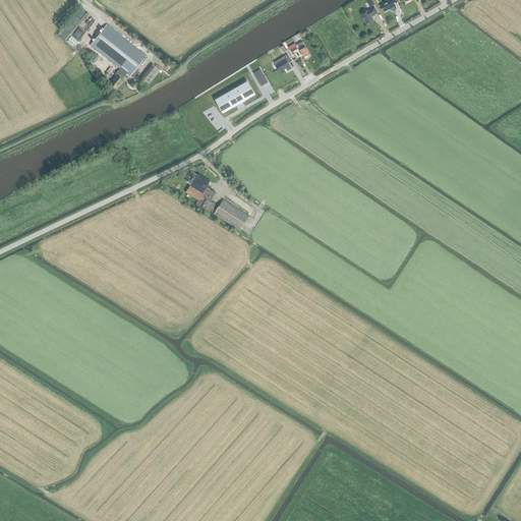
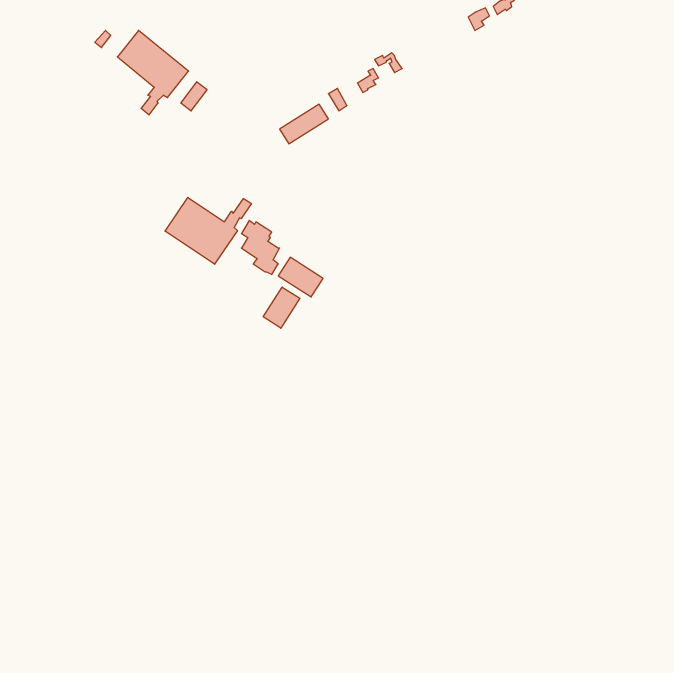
building: none -> [165,197,251,264]
building: none -> [263,287,300,328]

